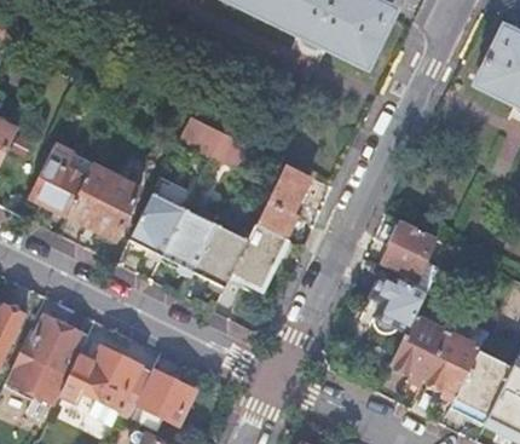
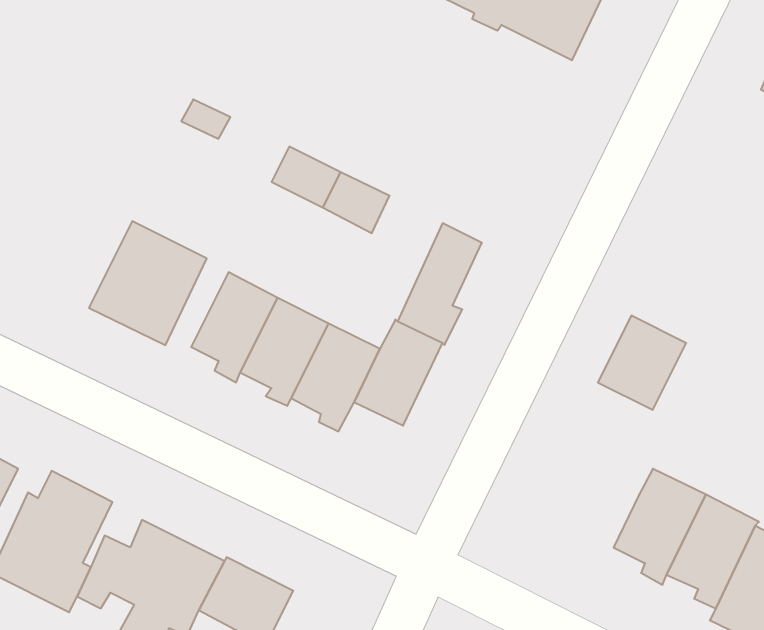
building: [30,143,96,215] -> none
building: [371,271,426,334] -> none

